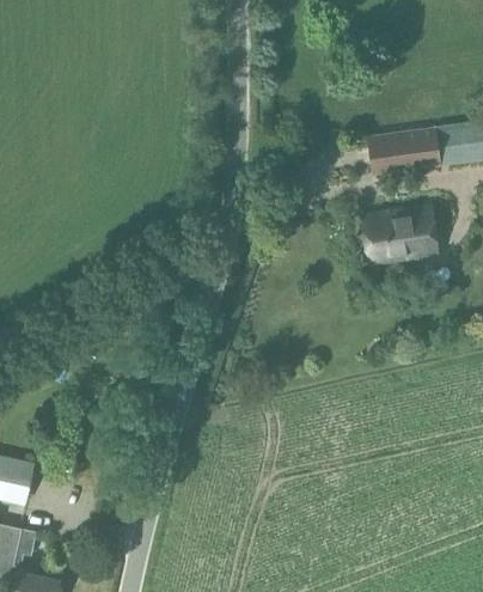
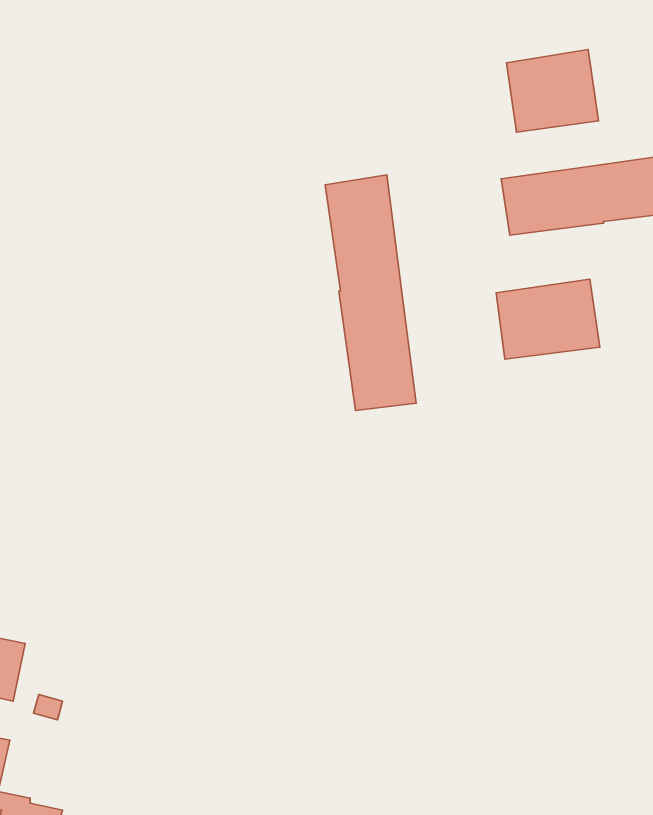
building: none -> [506,50,598,132]
building: none -> [325,175,416,410]

